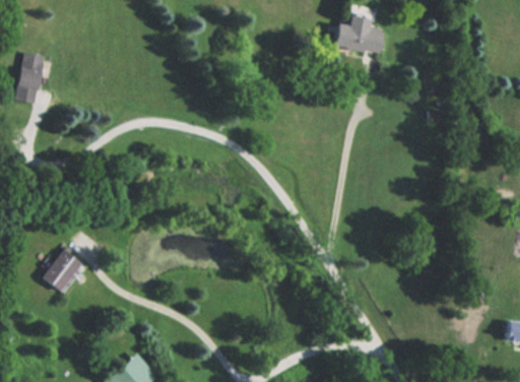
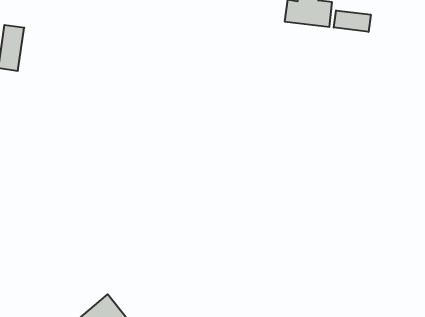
building: none -> [334,10,371,32]
building: [42,248,83,292] -> none

